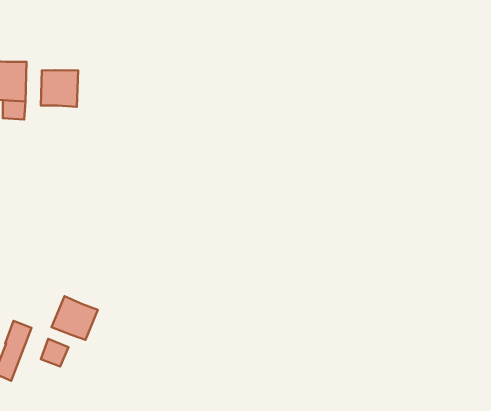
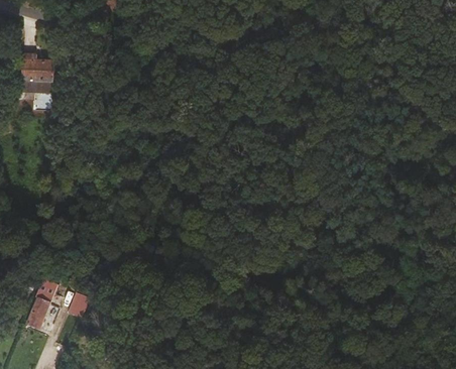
building: [41,70,78,107] -> none
building: [52,296,98,340] -> none

